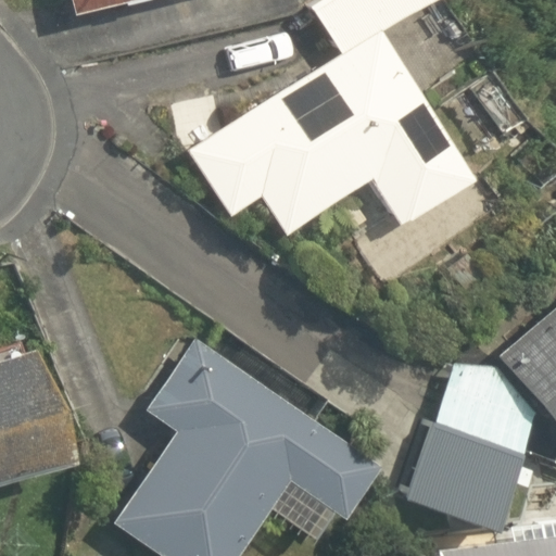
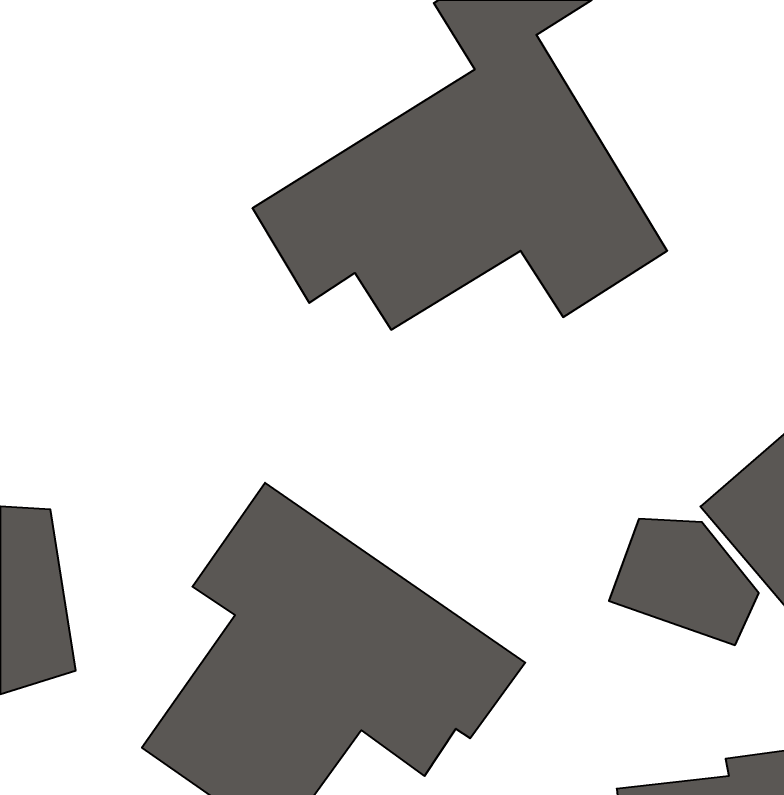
building: [406,421,521,531] -> none

